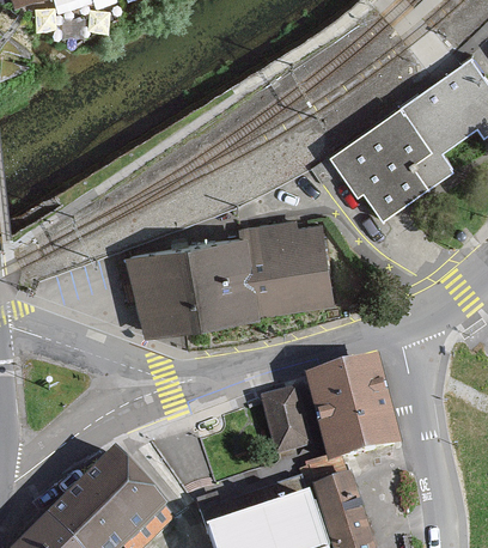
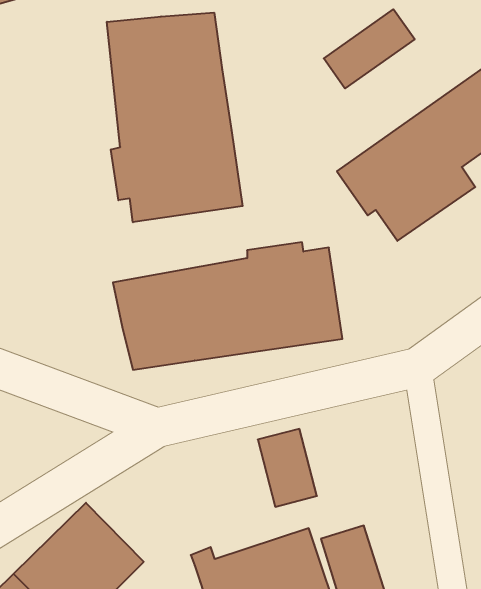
building: none -> [324,9,415,88]
building: none -> [107,13,243,222]
building: [310,367,403,469] -> none

